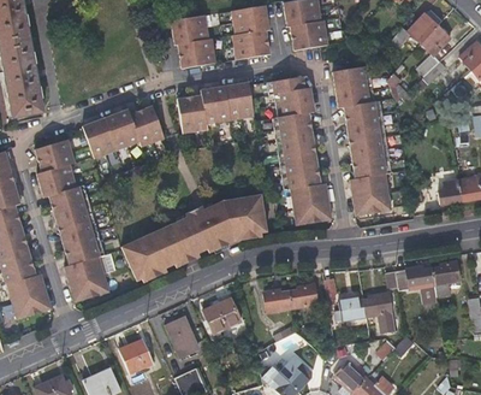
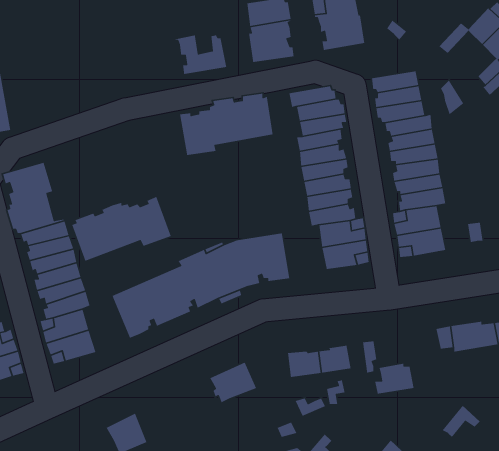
building: [171,13,207,51] -> none
building: [84,105,165,158] -> [71,196,172,262]
building: [362,294,393,336] -> none
building: [164,316,196,356] -> none

